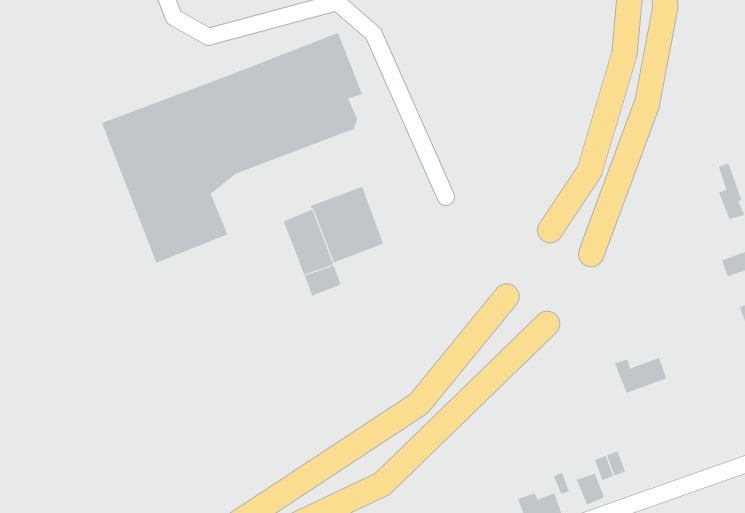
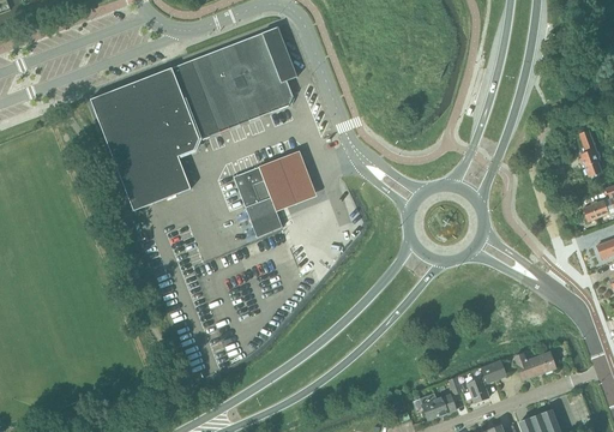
building: [614,357,667,394] -> [513,350,555,379]

